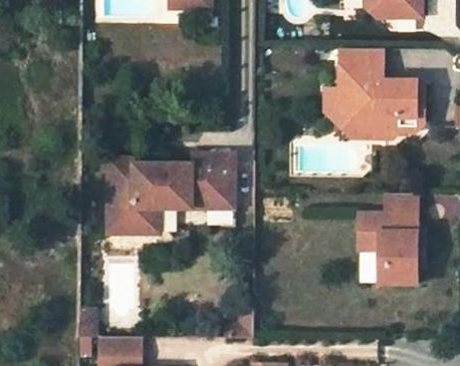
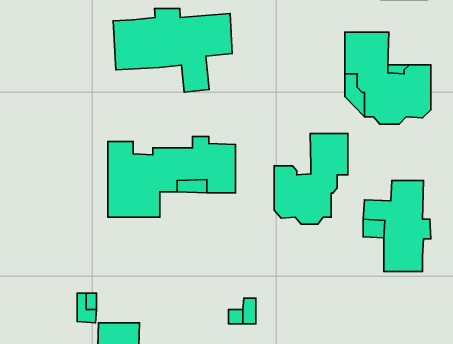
building: none -> [113,8,232,92]
building: none -> [274,134,348,224]

